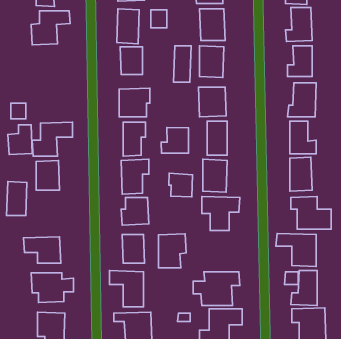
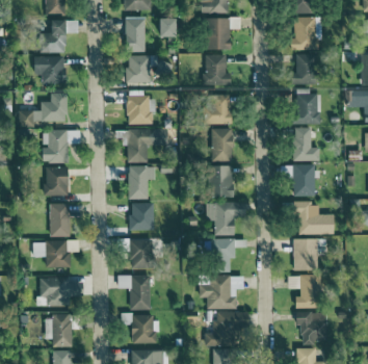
building: [174,46,191,82] -> none
building: none -> [33,56,63,84]
building: [8,125,32,155] -> [41,93,64,122]
building: [161,128,188,153] -> none
building: [169,173,193,197] -> none
building: [7,182,27,216] -> [49,203,69,236]
building: [159,234,186,268] -> [208,238,235,271]

